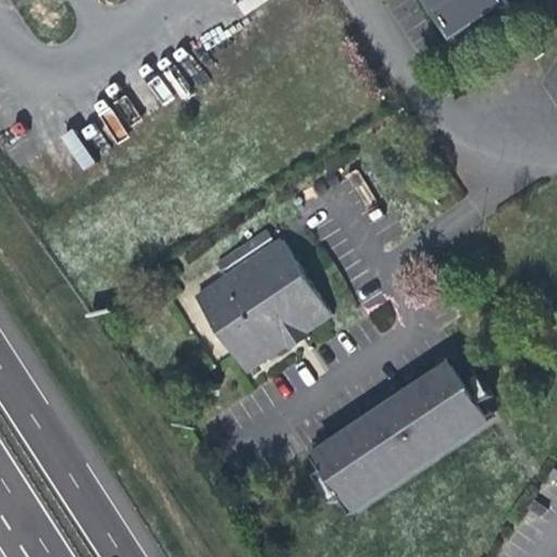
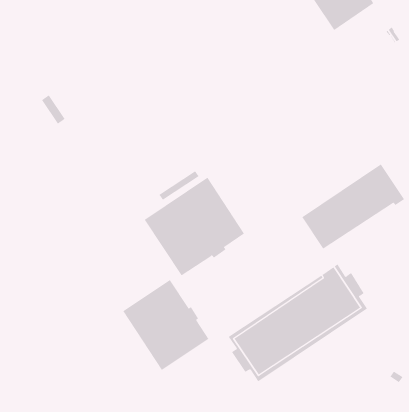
building: none -> [302,163,405,250]
building: none -> [123,279,209,371]

